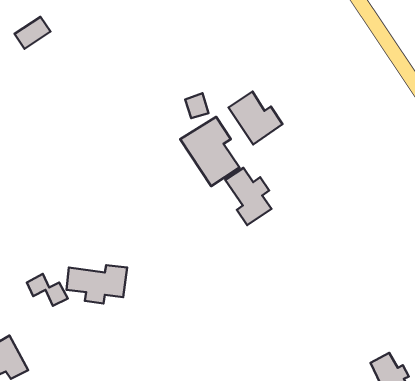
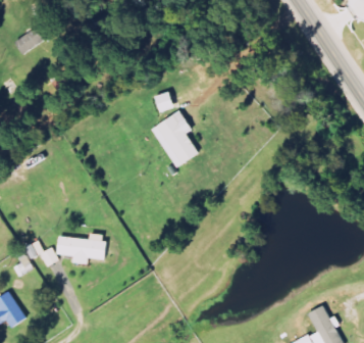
building: [229,92,282,145] -> none
building: [225,168,271,225] -> none

